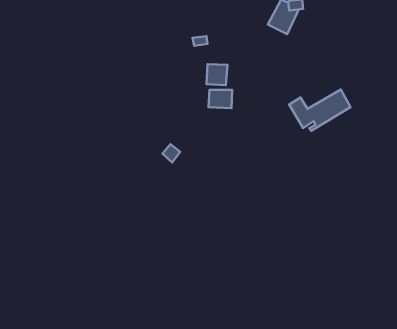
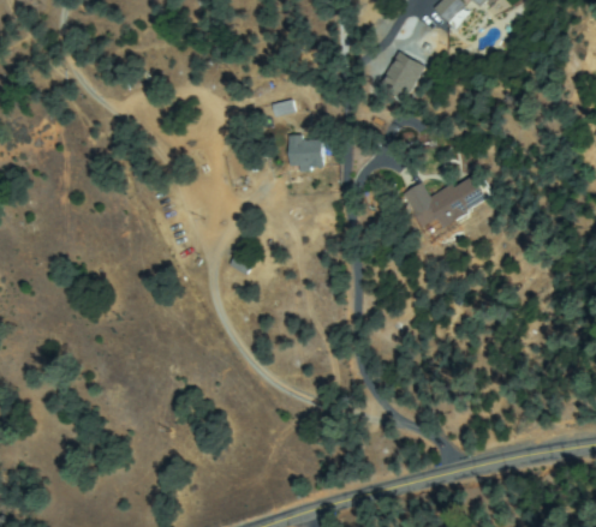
building: [209,90,232,108] -> none

